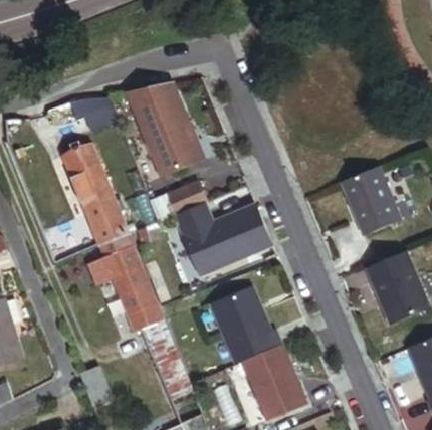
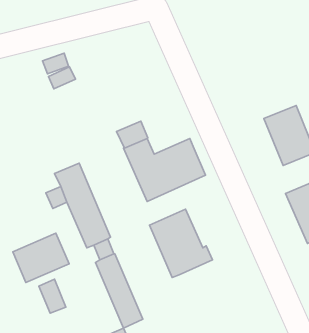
building: [126,84,204,179] -> none
building: [61,146,127,244] -> none
building: none -> [13,233,69,282]
building: [242,344,306,421] -> none

